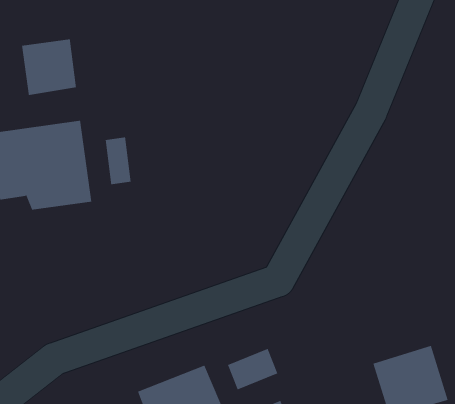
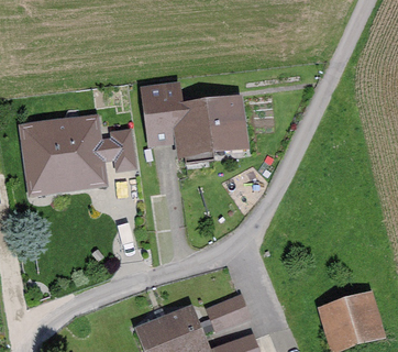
building: [21,39,77,96] -> none
building: none -> [146,86,242,151]

